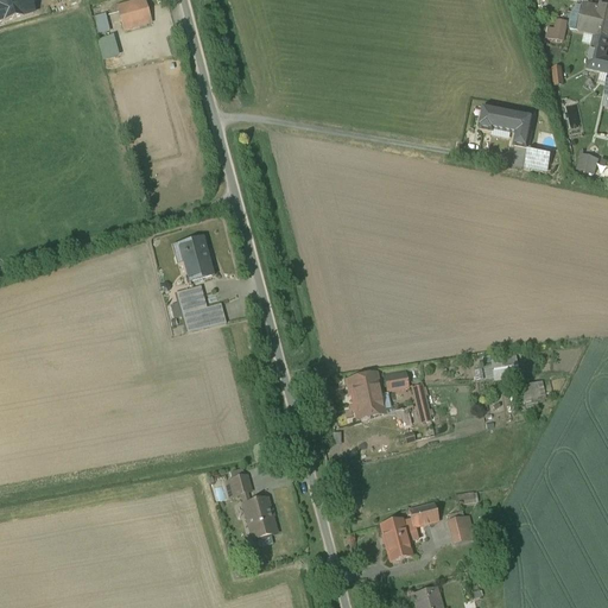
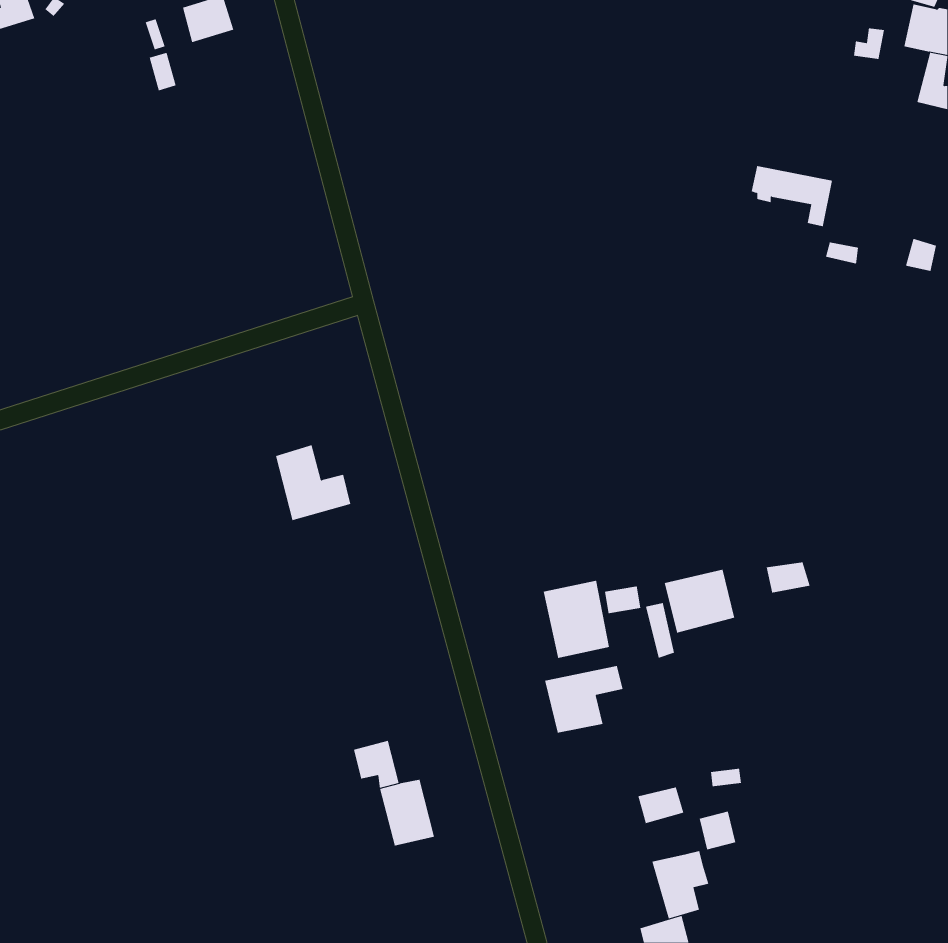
building: [173,236,216,279] -> none
building: none -> [664,569,735,633]
building: none -> [545,665,623,734]
building: [379,517,416,560] -> [651,850,709,919]

